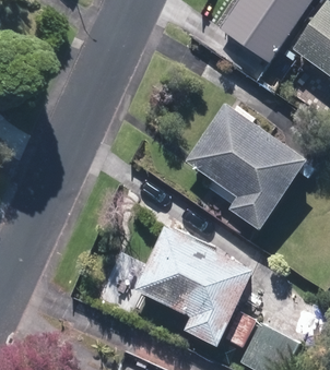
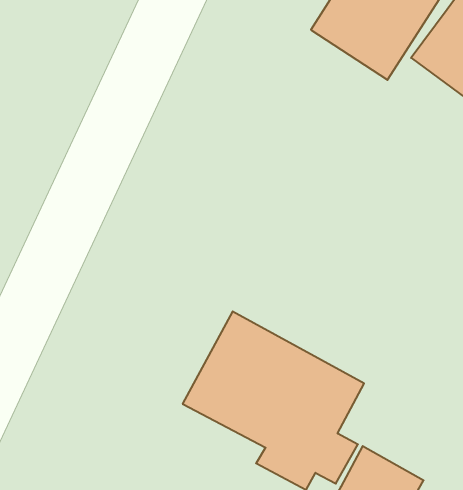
building: [186,104,307,231] -> none

